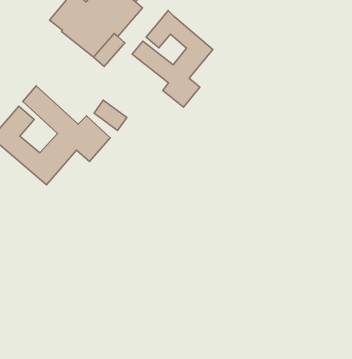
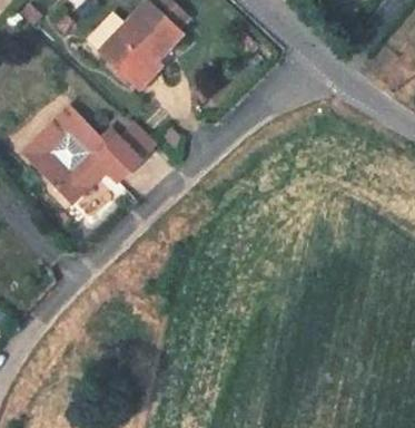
building: [132,11,213,107] -> none

